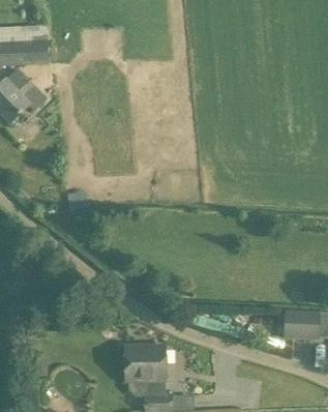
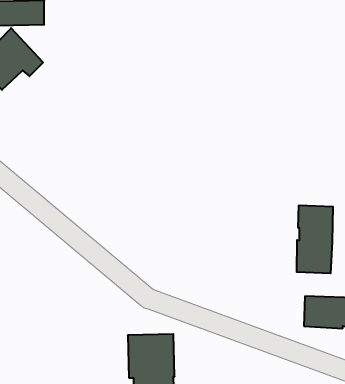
building: none -> [297,205,333,273]

